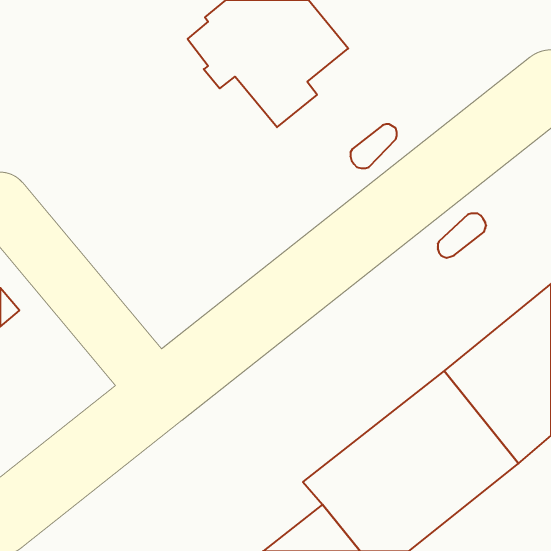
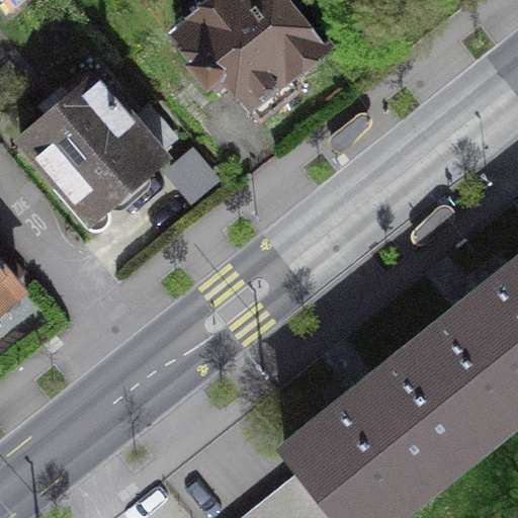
building: none -> [19,74,164,221]

